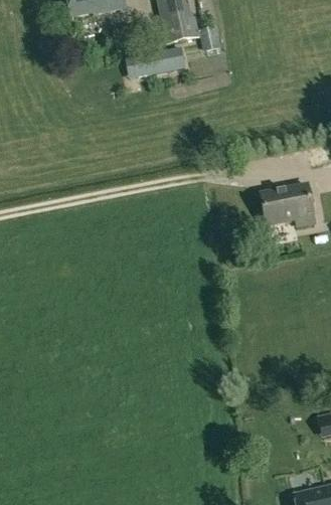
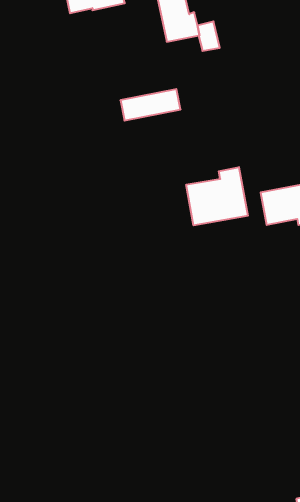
building: [125,45,184,76] -> [120,89,181,121]
building: none -> [186,167,248,225]

